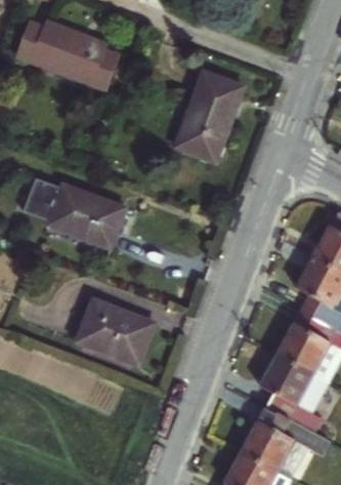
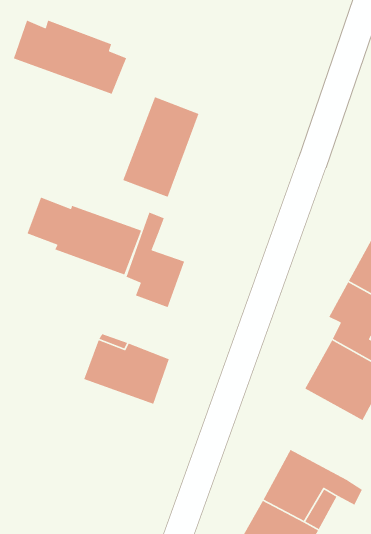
building: [176,72,245,162] -> [122,96,199,198]
building: none -> [125,212,185,308]
building: [257,351,327,431] -> none

